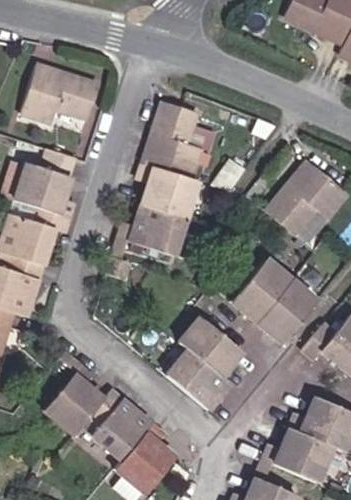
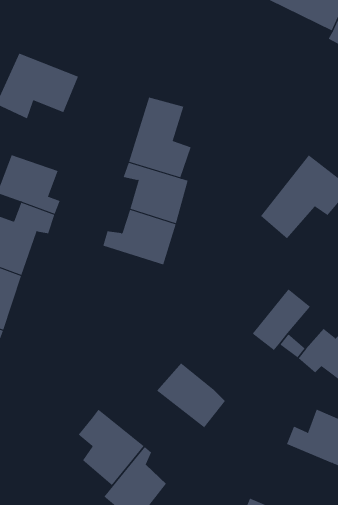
building: [232,263,292,323] -> none
building: [181,317,243,375] -> none
building: [49,369,108,440] -> none
building: [265,426,333,477] -> none

